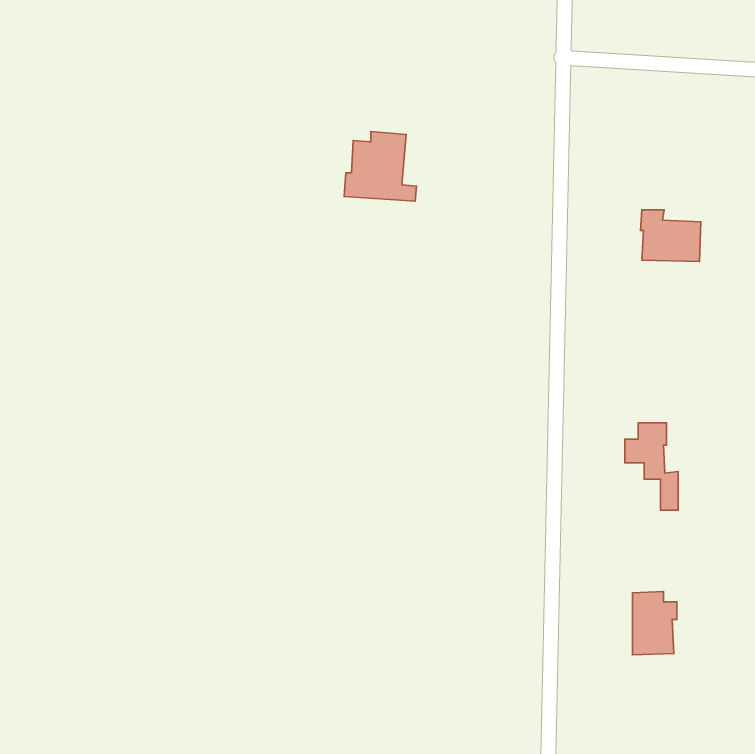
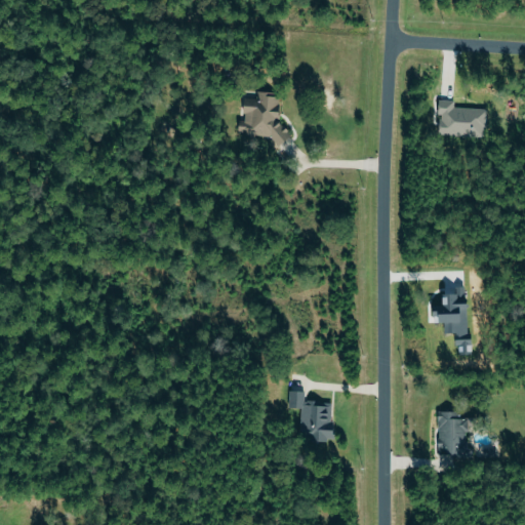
building: [640,210,701,262] -> [439,100,481,136]
building: none -> [289,391,333,441]

